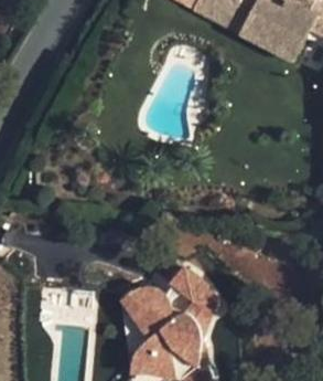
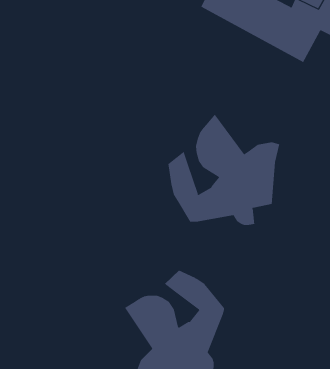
building: none -> [168,114,280,226]

